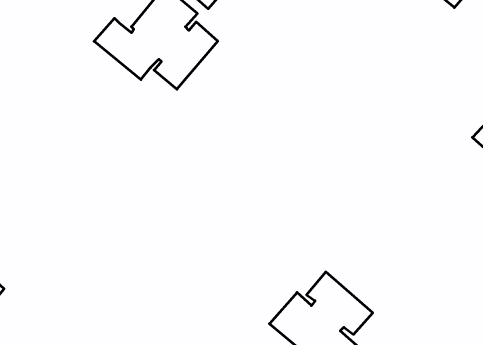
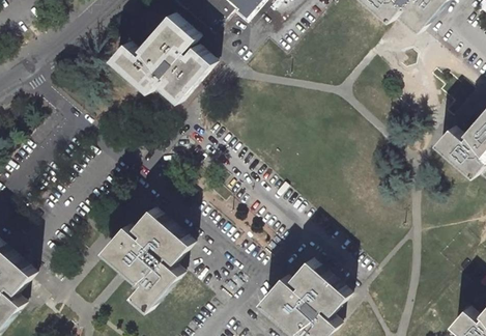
building: none -> [105,205,194,308]

